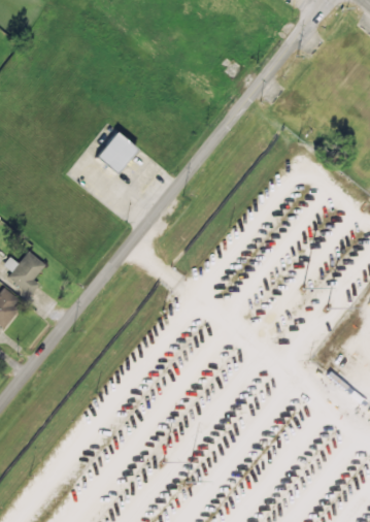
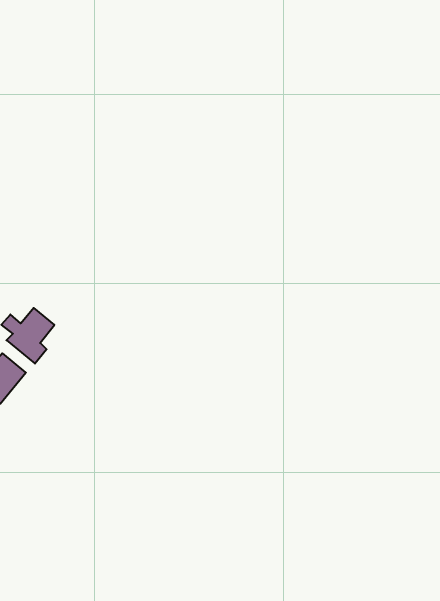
building: [97,132,137,173] -> none

